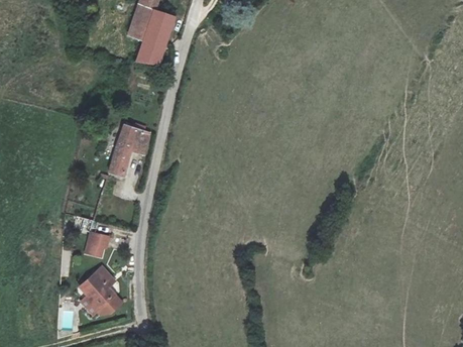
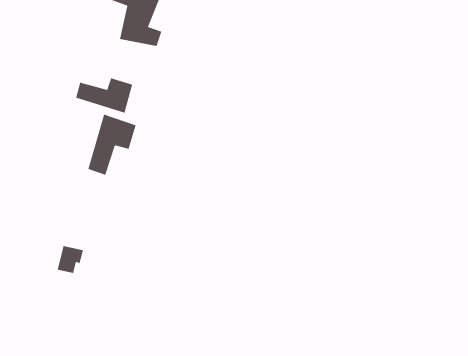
building: none -> [75,77,133,114]
building: [79,266,121,312] -> none

